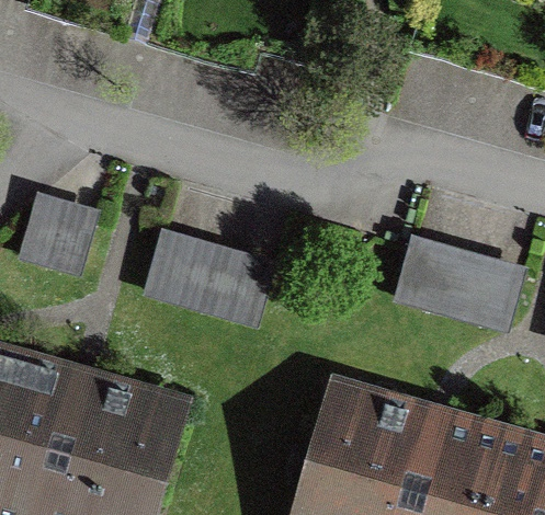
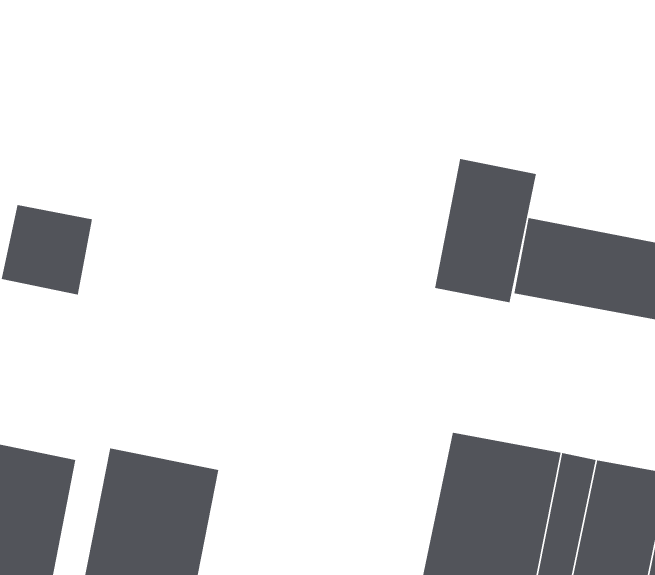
building: none -> [435,158,537,303]
building: [148,232,272,317] -> none

